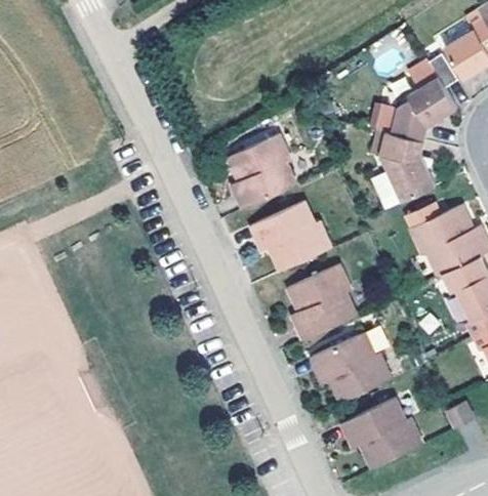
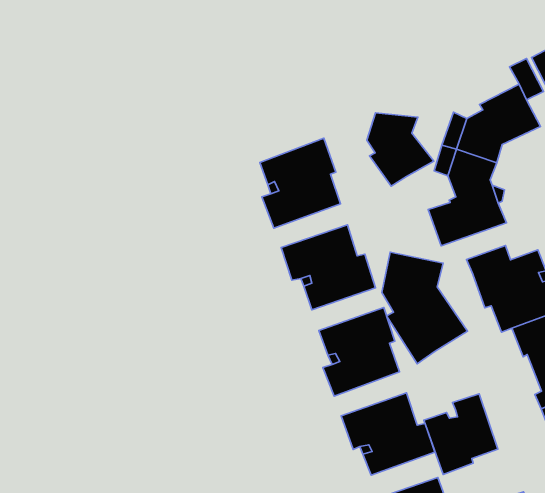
building: none -> [367,113,434,186]
building: none -> [382,252,468,364]
building: none -> [424,394,498,475]

